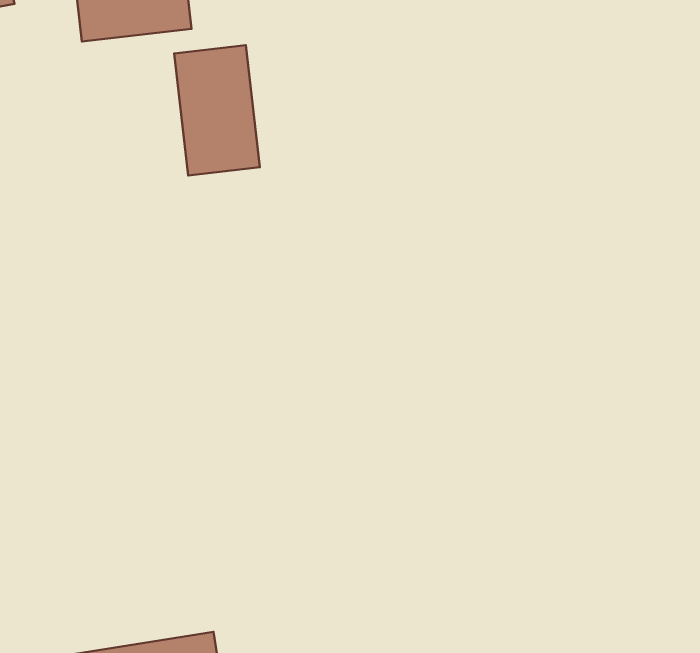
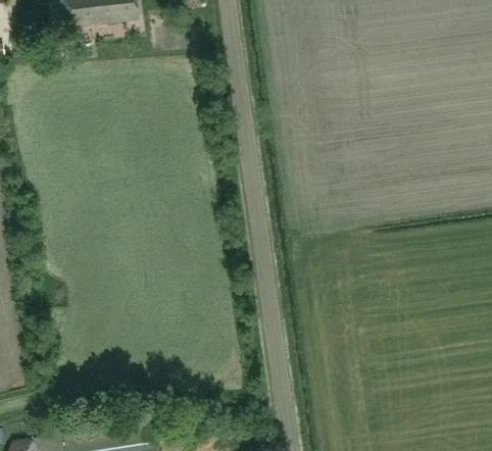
building: [174,45,260,175] -> none

